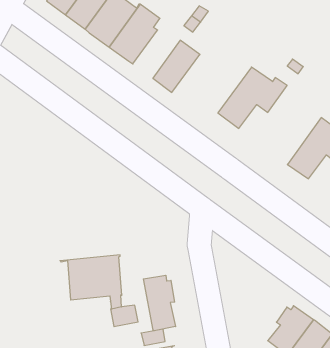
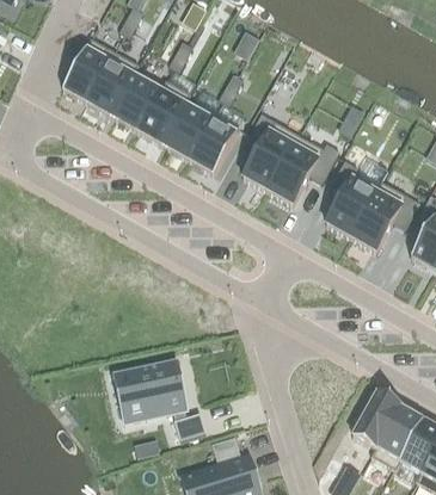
building: none -> [166,101,215,160]
building: none -> [241,113,297,190]
building: none -> [325,160,381,237]
building: [143,275,176,331] -> none

